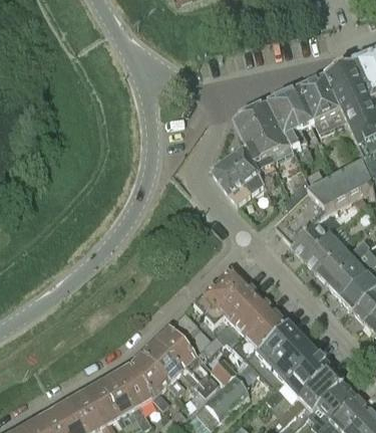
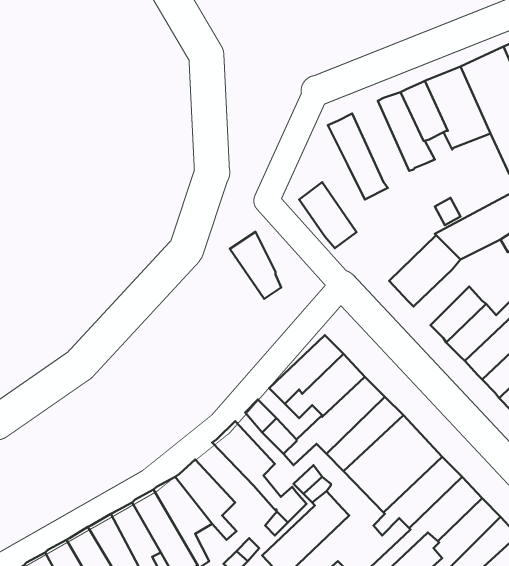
building: [249,99,289,157] -> none
building: [228,145,264,192] -> [230,232,281,299]
building: [292,218,331,257] -> none
building: [138,340,182,393] -> none

